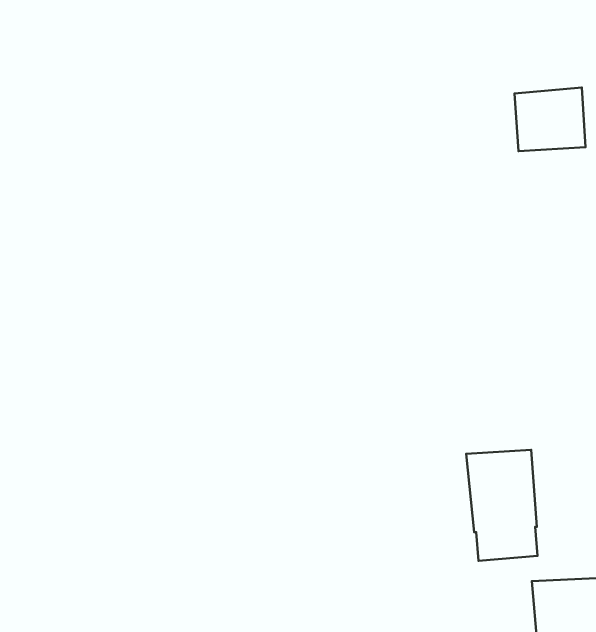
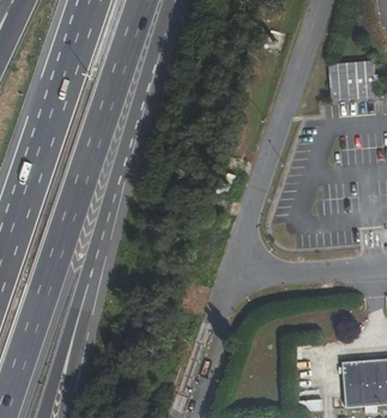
building: [466,450,537,561] -> none

